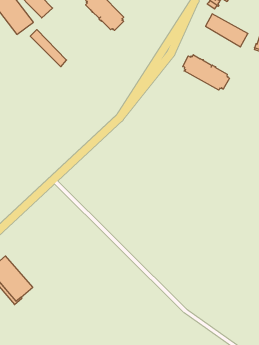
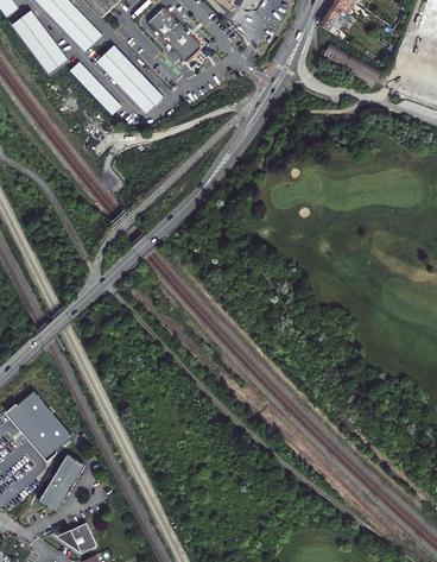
building: none -> [96,43,164,112]
building: [183,55,229,90] -> none
building: none -> [38,454,84,511]

